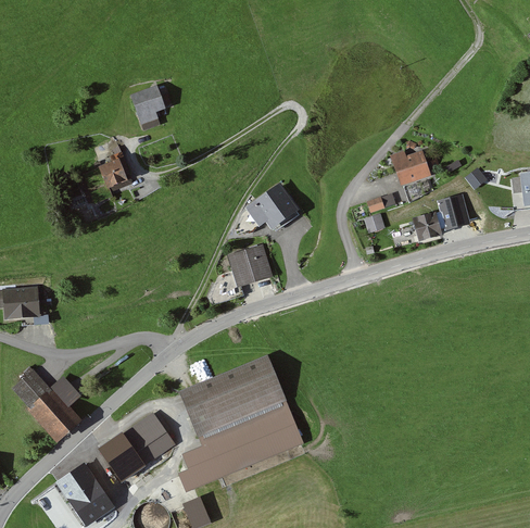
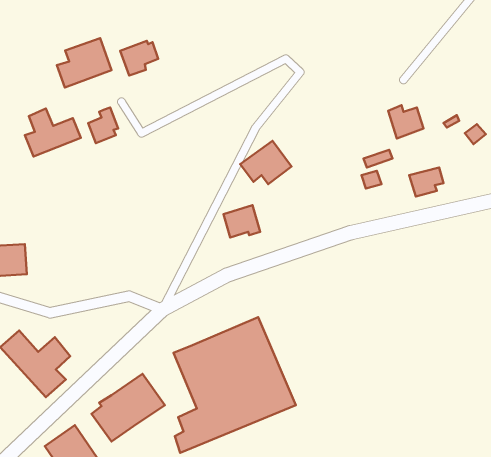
building: none -> [57,38,112,88]
building: none -> [25,109,81,156]
building: [438,193,470,230] -> none

